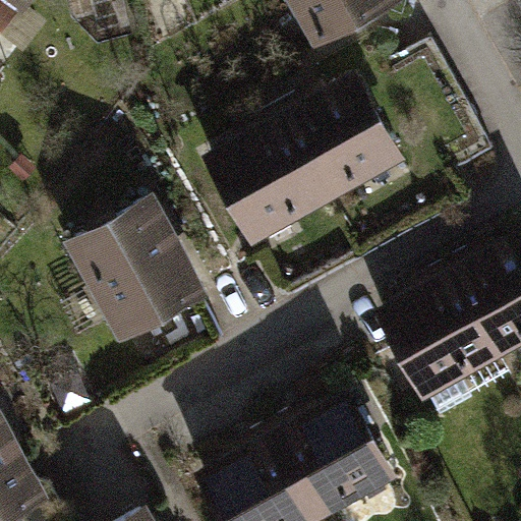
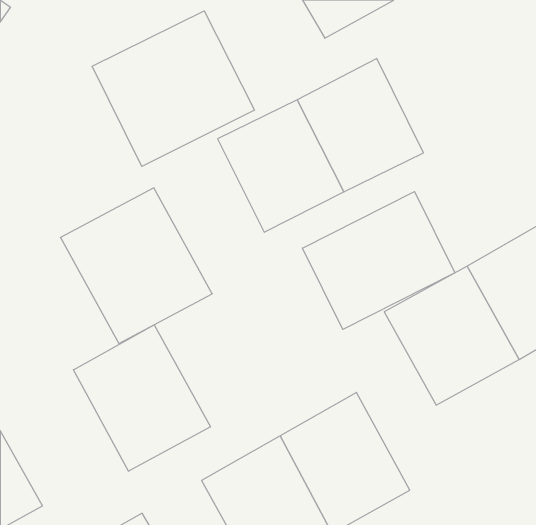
building: none -> [92,11,254,166]
building: none -> [302,192,455,329]
building: none -> [73,325,210,471]

